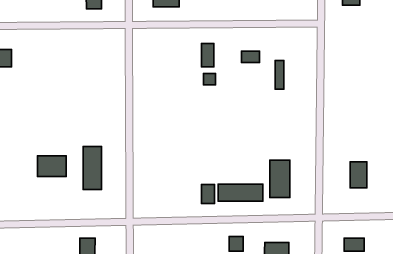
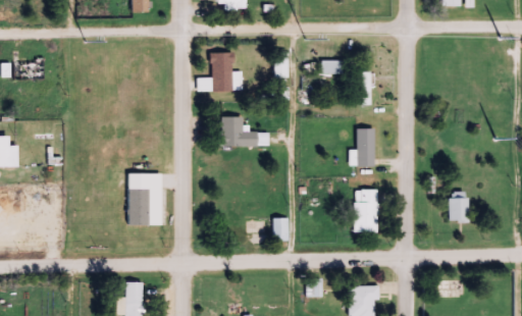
building: none -> [197,53,244,93]
building: none -> [218,117,268,148]
building: none -> [356,129,373,166]
building: [37,156,66,176] -> none
building: [218,184,263,201] -> none

